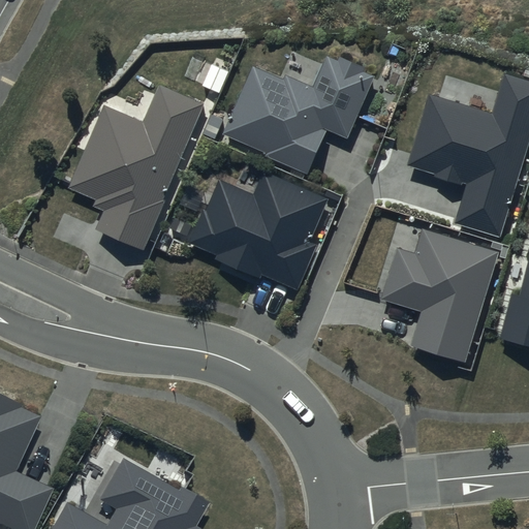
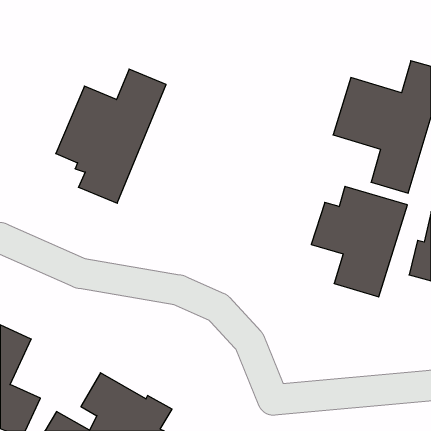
building: [223,56,374,175] -> none
building: [187,172,329,292] -> none

